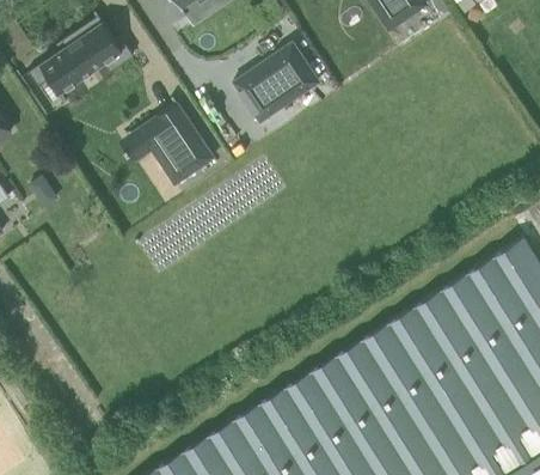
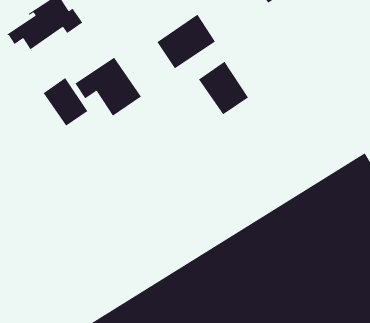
building: none -> [198,61,249,115]
building: none -> [43,77,88,126]

